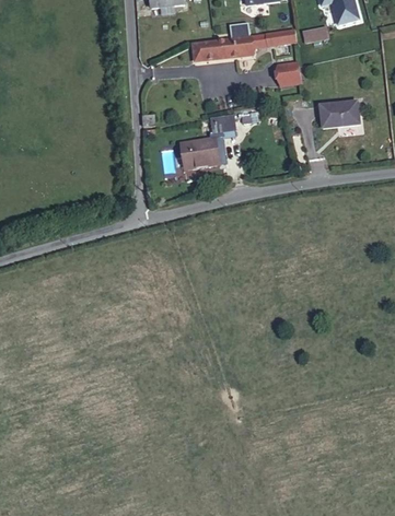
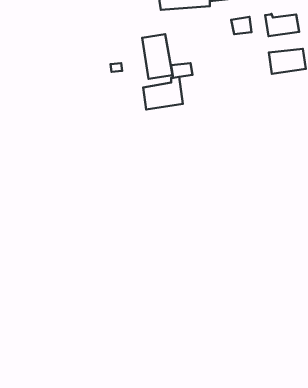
building: none -> [265,14,299,36]
building: none -> [142,34,173,79]

